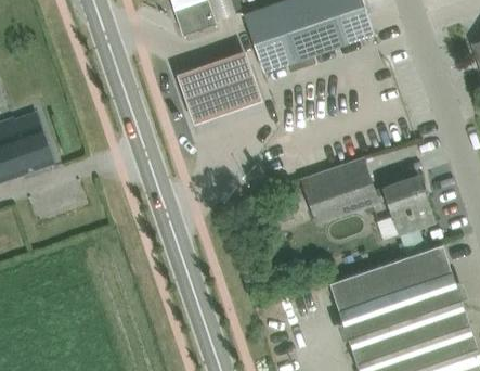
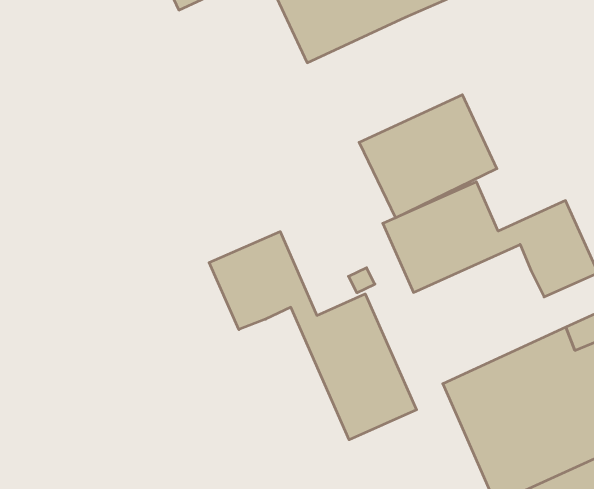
building: [176,47,261,120] -> [359,95,497,218]
building: none -> [209,232,417,440]

